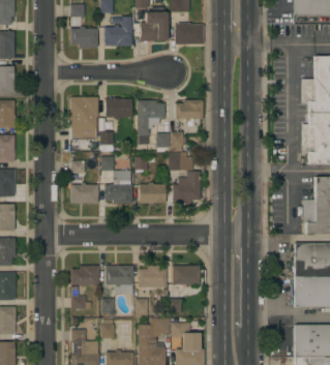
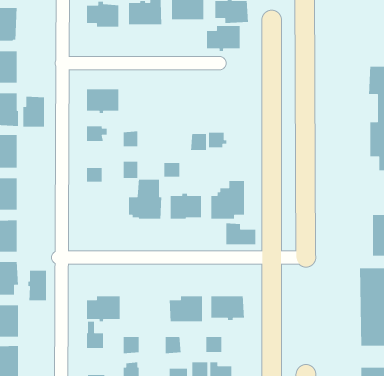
building: [106,98,132,119] -> none
building: [176,99,204,121] -> [206,25,240,52]
building: [138,100,166,134] -> none
building: none -> [22,96,45,127]
building: [169,152,193,171] -> [226,222,256,245]
building: [71,183,99,204] -> none
building: none -> [27,270,47,301]
building: [106,266,133,294] -> none

